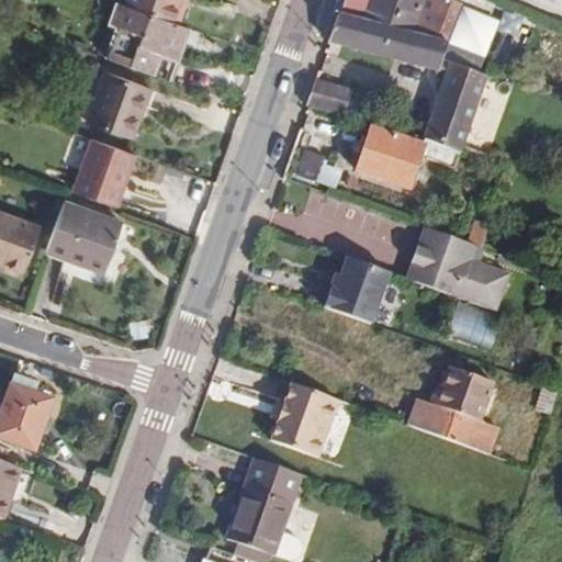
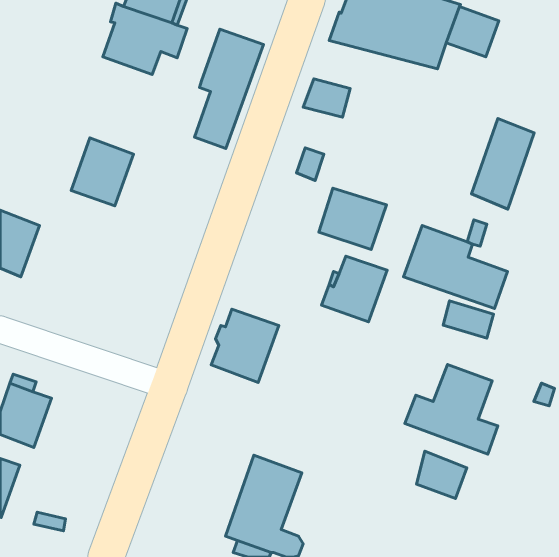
building: none -> [194,29,264,149]
building: [424,61,486,153] -> [472,118,534,209]
building: [88,70,150,137] -> none
building: [356,127,424,189] -> [319,188,387,250]
building: [46,201,122,270] -> none
building: [270,383,338,457] -> [211,309,279,382]
building: none -> [417,451,467,498]

